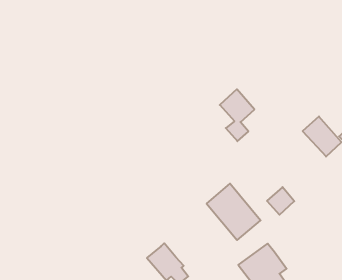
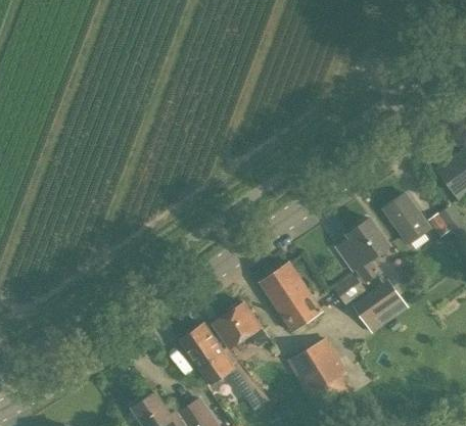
building: [220,89,254,141] -> [347,218,388,280]
building: none -> [351,278,407,333]
building: none -> [213,301,268,347]

